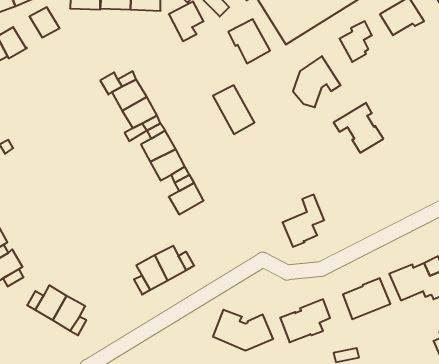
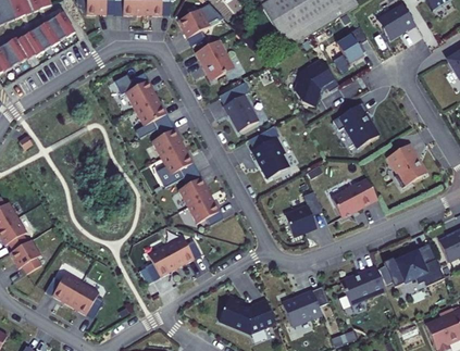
building: none -> [32,22,60,51]
building: [228,19,270,63] -> [195,39,234,80]
building: none -> [248,125,287,177]
building: none -> [391,143,425,188]
building: none -> [332,179,376,217]
building: none -> [187,193,220,224]

